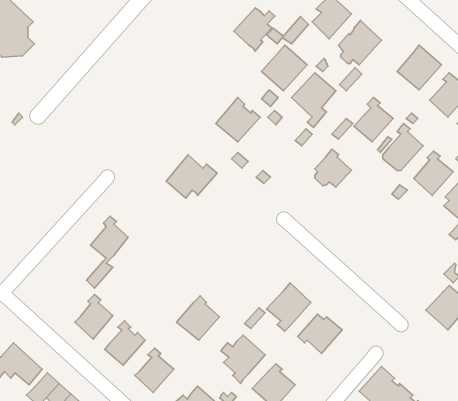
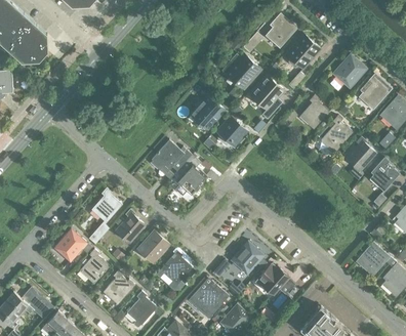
building: [234,8,275,51] -> none
building: [315,149,352,187] -> [217,116,246,145]
building: none -> [175,154,207,196]
building: none -> [115,208,145,244]
building: none -> [52,227,91,262]
building: none -> [136,229,169,264]

